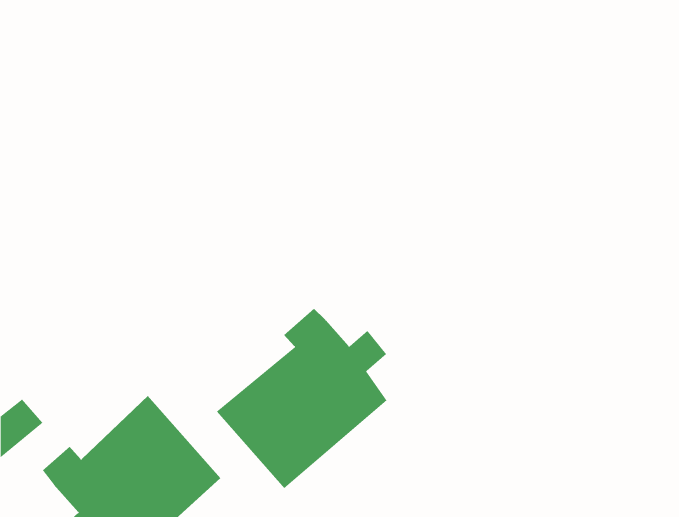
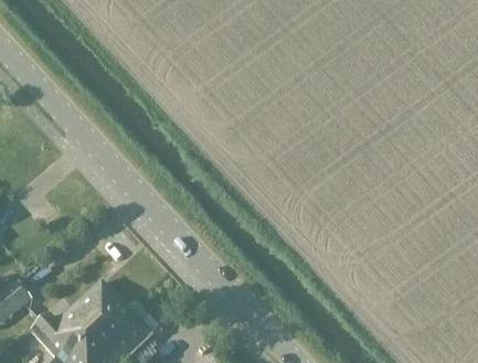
building: [216,308,388,489] -> none

